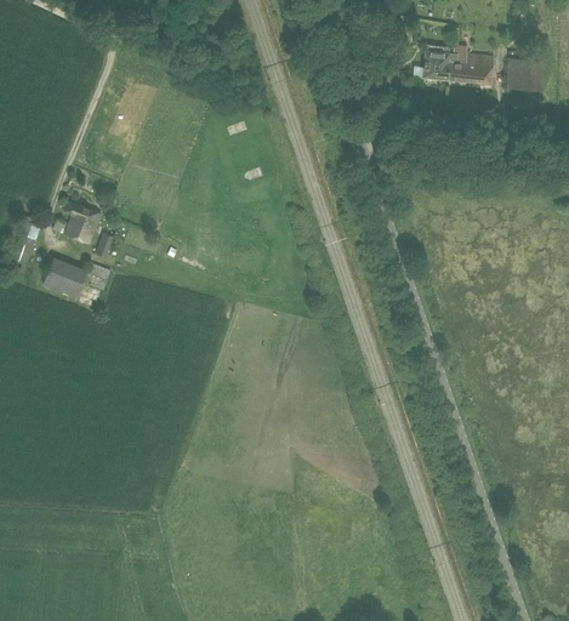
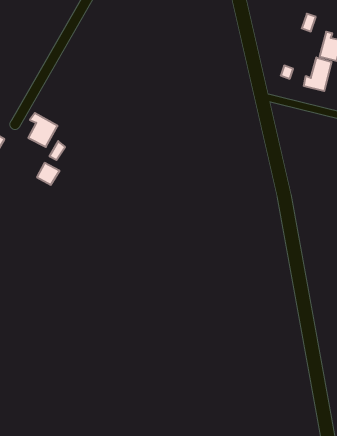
building: none -> [304,57,332,91]
building: [44,267,81,296] -> none

